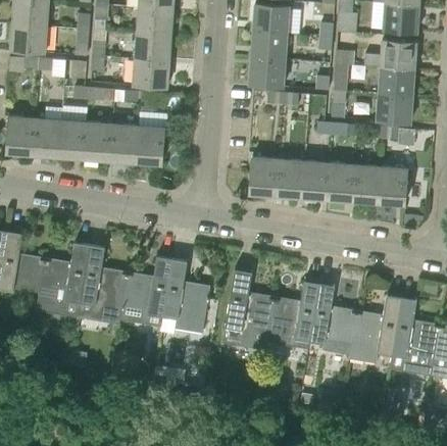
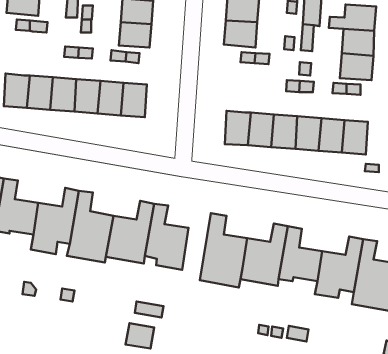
building: none -> [126,323,154,349]

